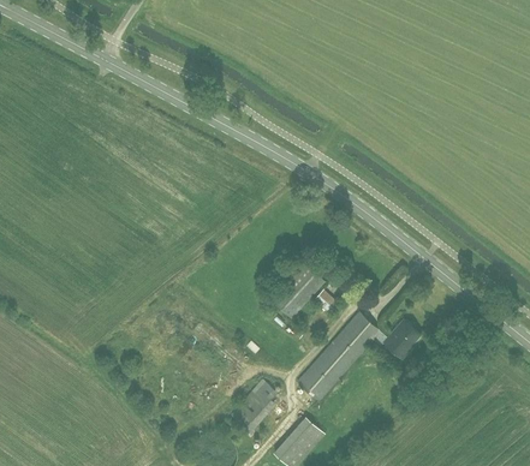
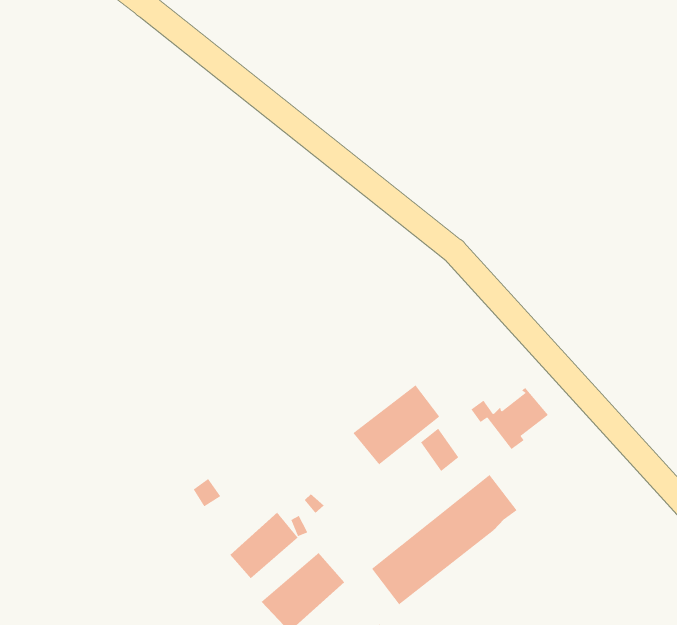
building: [373,319,421,359] -> [470,387,549,450]
building: none -> [230,512,298,579]

